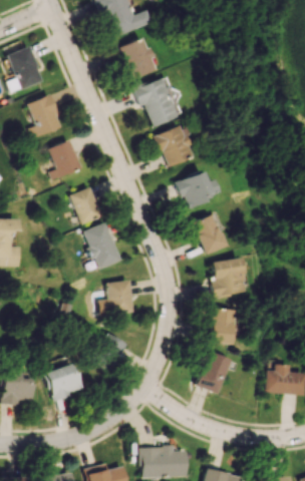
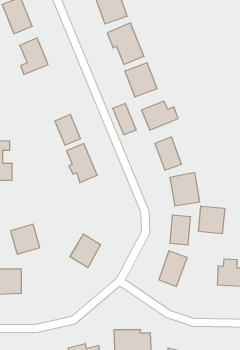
building: [50,140,82,179] -> none
building: none -> [113,103,136,135]
building: [108,282,133,314] -> none
building: none -> [199,206,225,234]
building: [46,364,81,400] -> [11,224,40,254]

